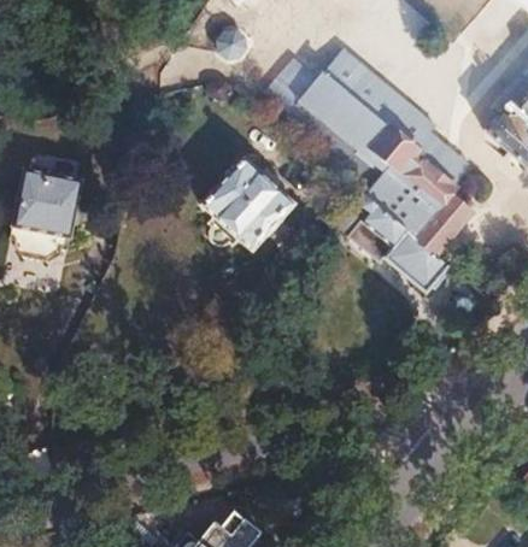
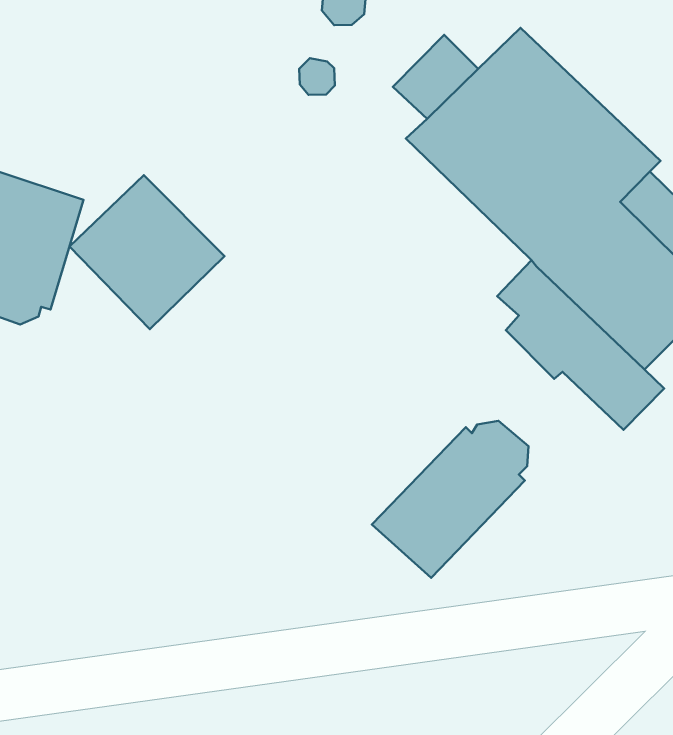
building: [195,151,292,246] -> [70,175,224,329]
building: none -> [372,421,528,578]

